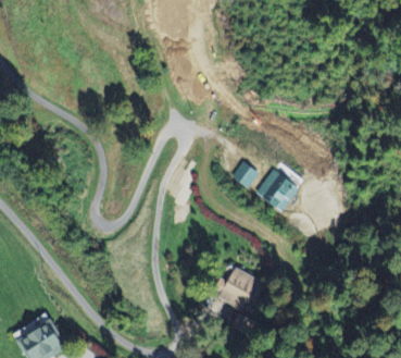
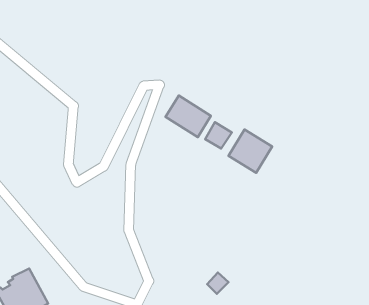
building: none -> [166,96,211,137]
building: [216,266,263,312] -> none

